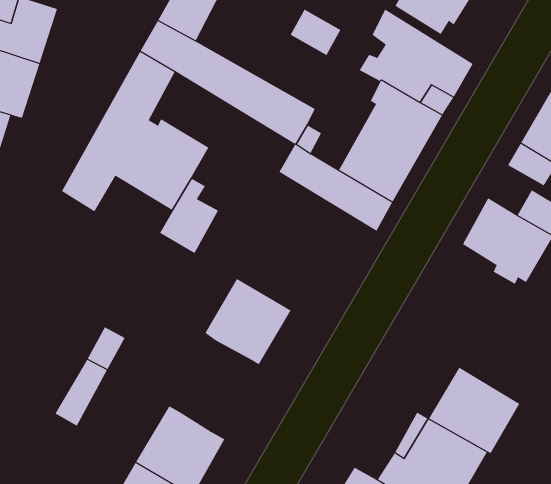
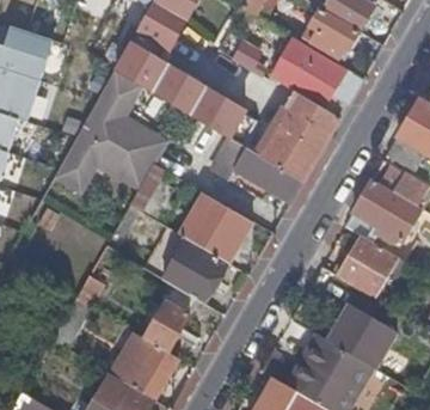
building: none -> [182,192,252,262]
building: none -> [337,234,399,299]
building: none -> [145,284,197,351]

